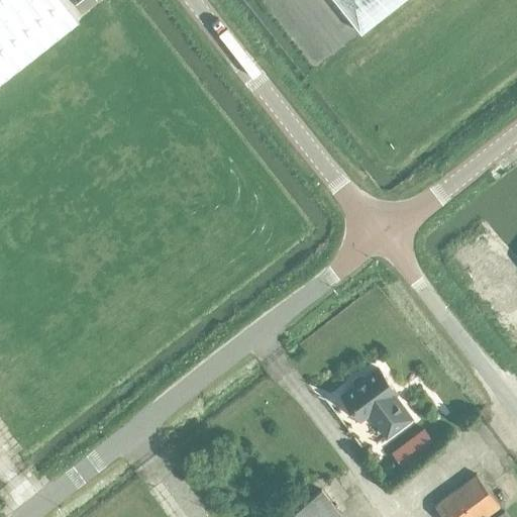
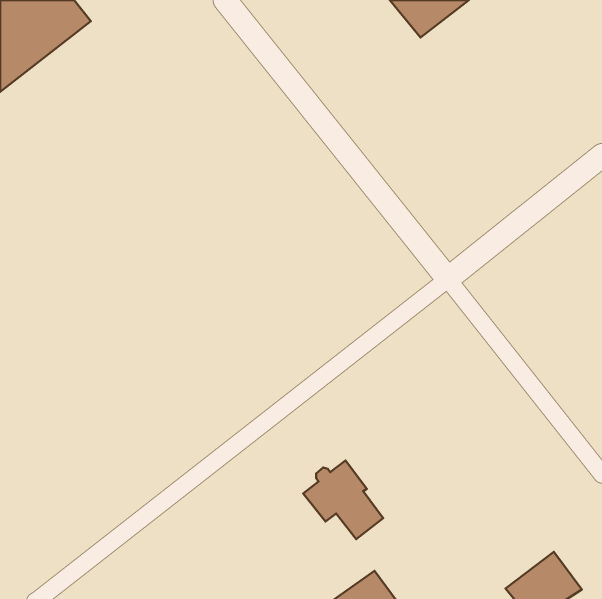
building: [341,370,410,437] -> [303,460,383,539]
building: [391,429,434,469] -> none

